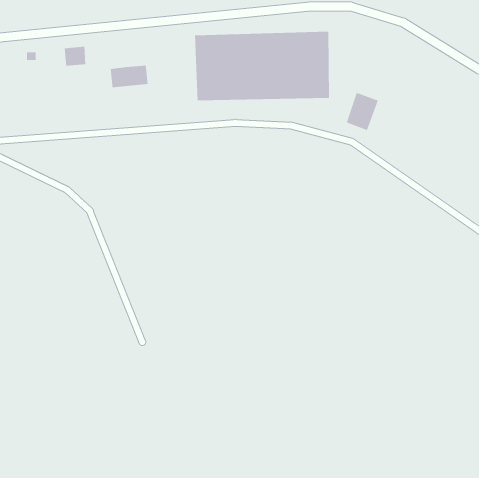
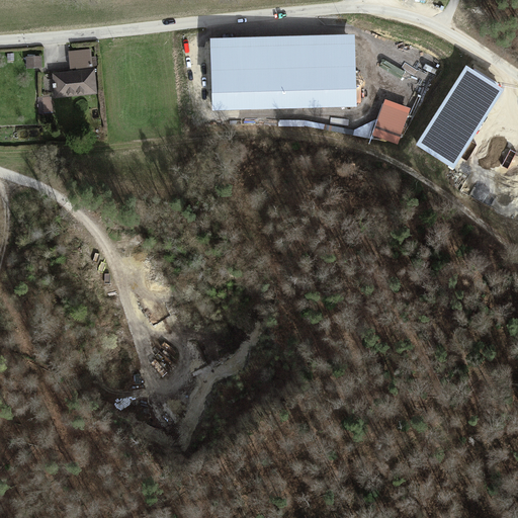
building: none -> [417,66,503,167]
building: [110,65,148,88] -> [54,70,95,95]

